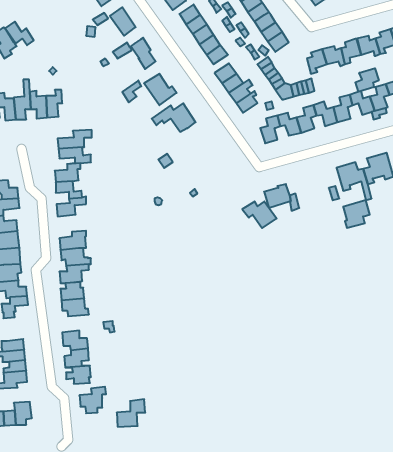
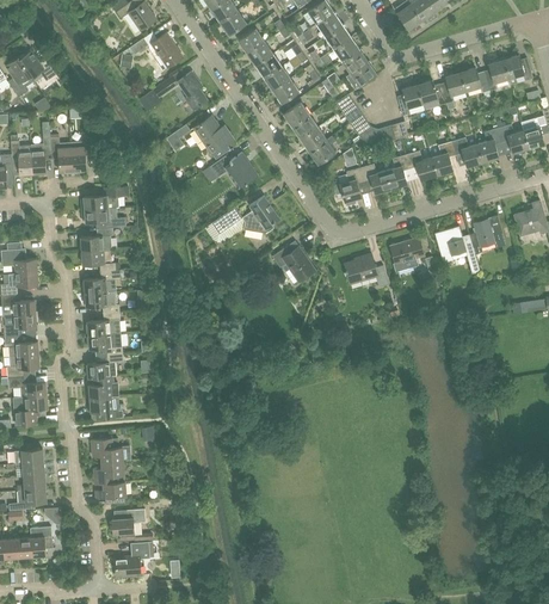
building: [355,68,379,92] -> none
building: none -> [241,193,277,229]
building: [343,200,370,228] -> [390,236,424,271]
building: [242,201,277,228] -> [272,246,315,279]
building: none -> [85,291,121,313]
building: [117,399,145,427] -> [115,541,150,575]

